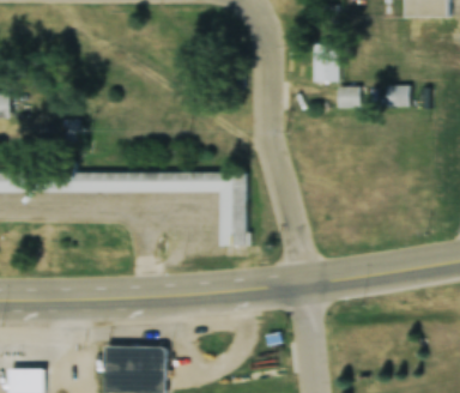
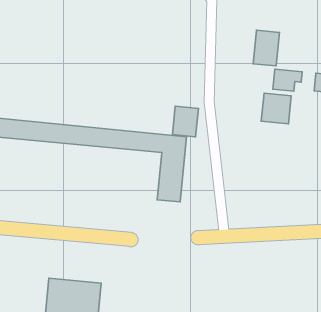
building: none -> [261,93,291,124]
building: none -> [172,106,198,137]

